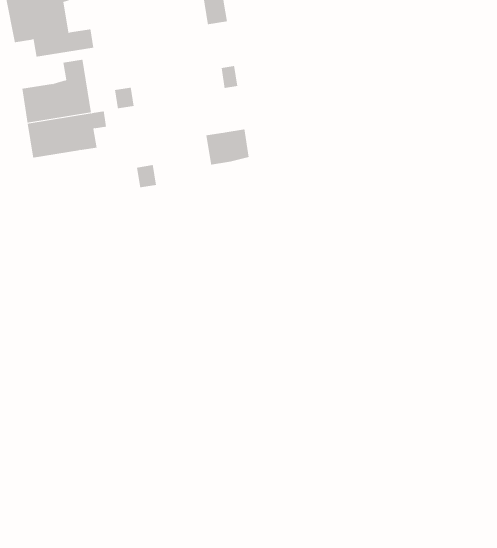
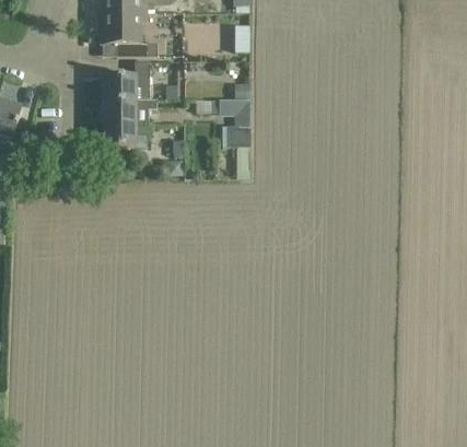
building: none -> [219,98,249,125]
building: none -> [103,121,148,145]

